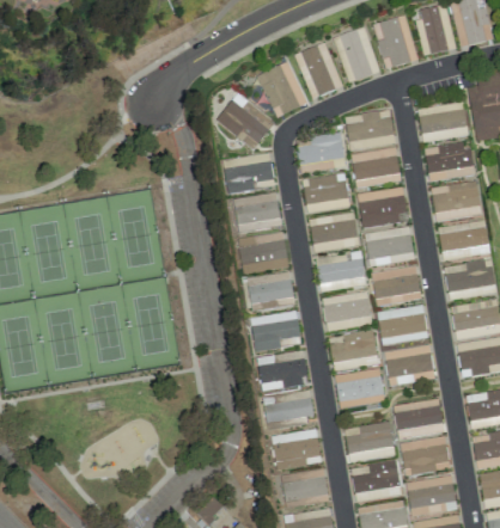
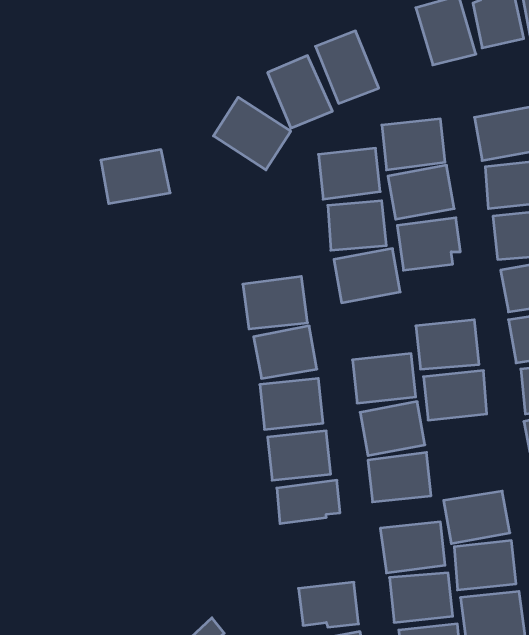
building: [334,26,380,82] -> none
building: [222,152,276,194] -> [101,150,170,204]
building: [233,192,281,232] -> none
building: [365,226,415,265] -> none
building: [317,251,366,290] -> none
building: [385,345,434,383] -> none
building: [272,428,322,469] -> none

